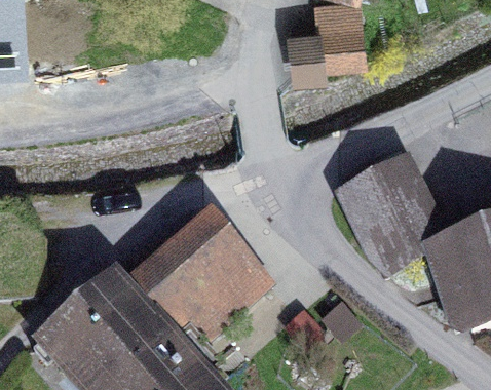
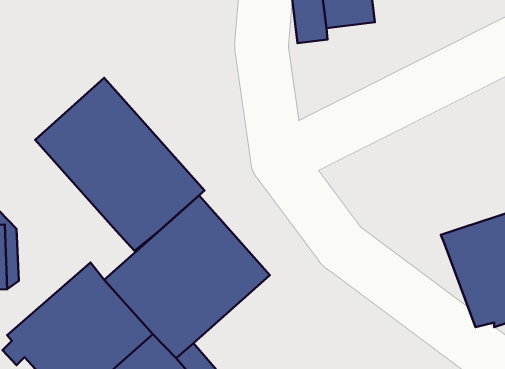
building: none -> [35,78,205,251]
building: [341,161,441,275] -> none

